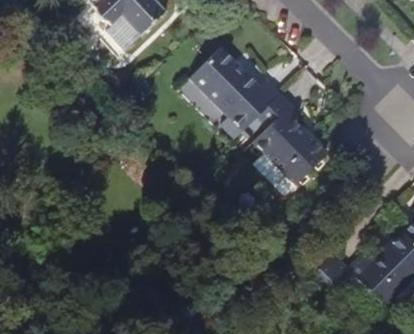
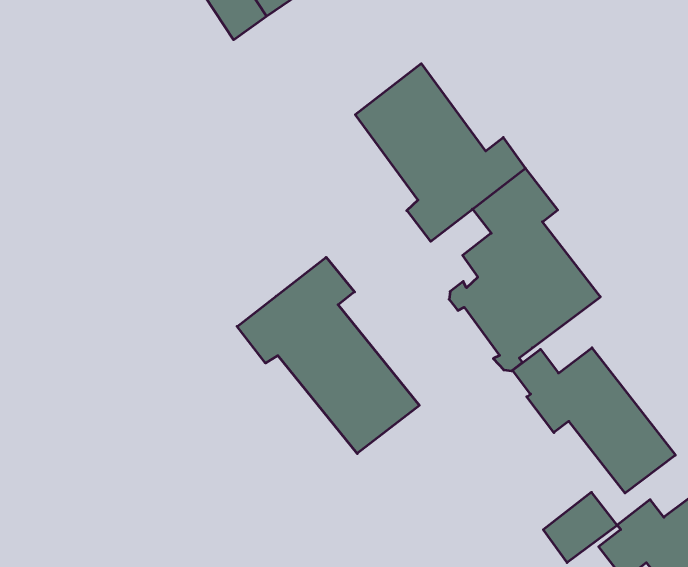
building: none -> [237,257,419,454]
building: none -> [512,348,675,493]

